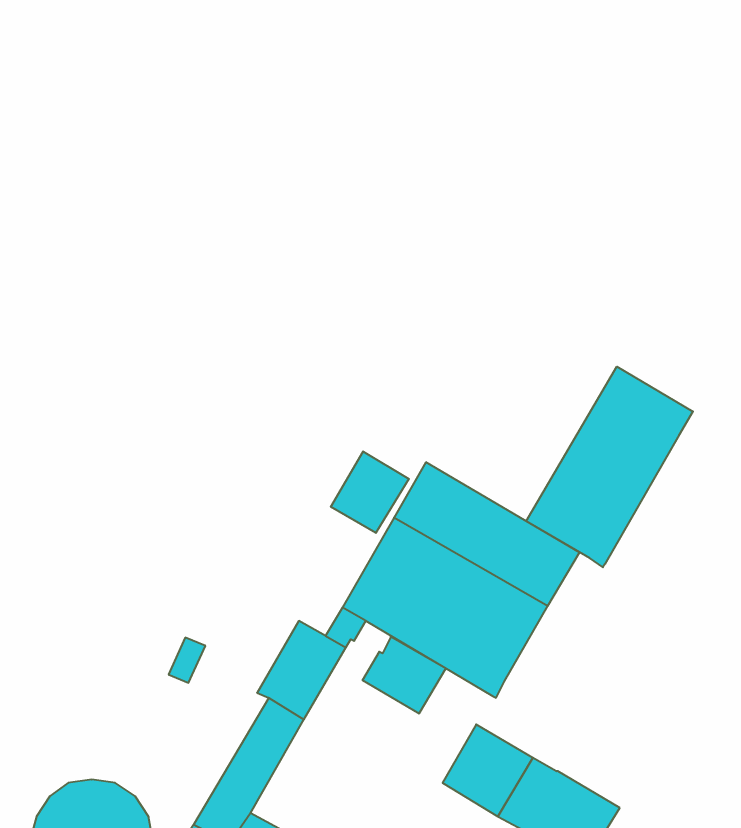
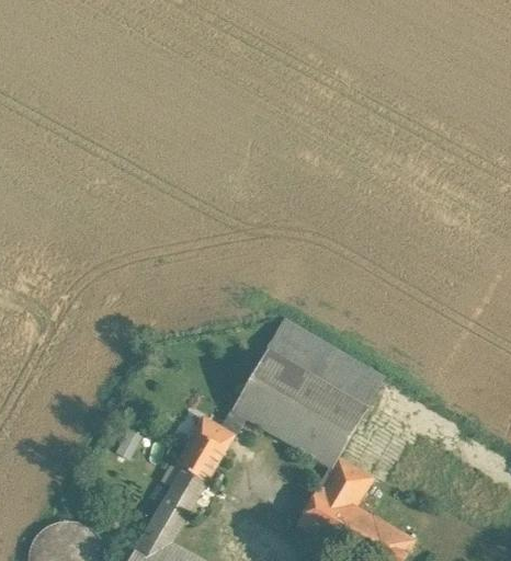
building: [526,367,693,567] -> none
building: [331,451,409,533] -> none
building: [362,637,446,713] -> [318,457,373,507]

